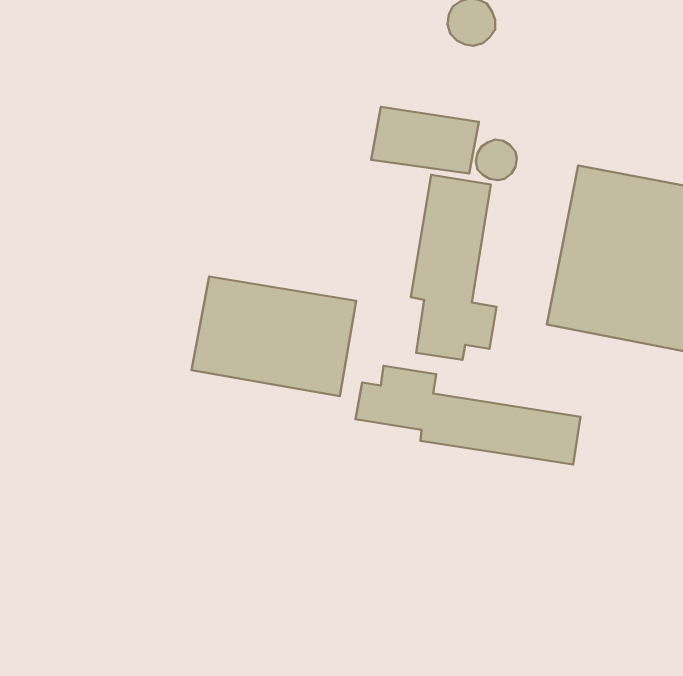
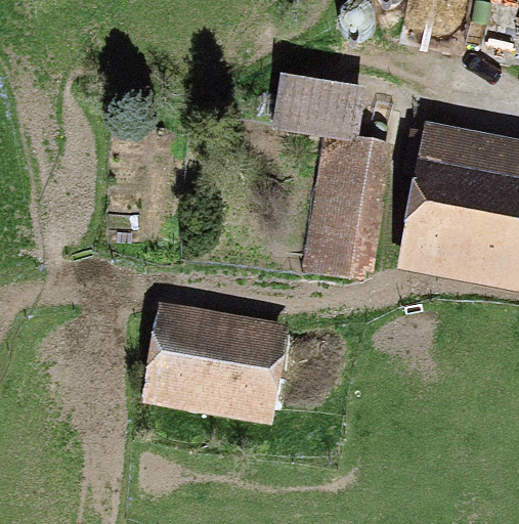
building: [191,277,356,396] -> [154,313,277,403]
building: [356,366,581,464] -> none

